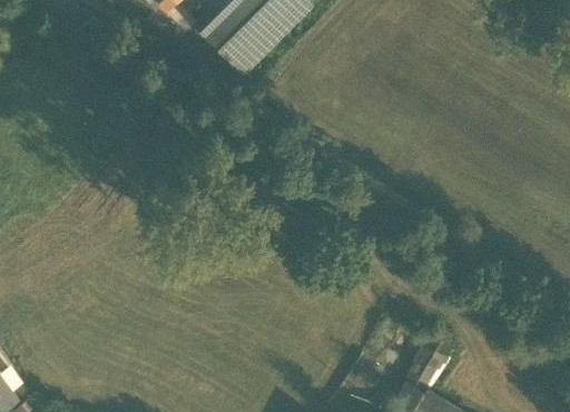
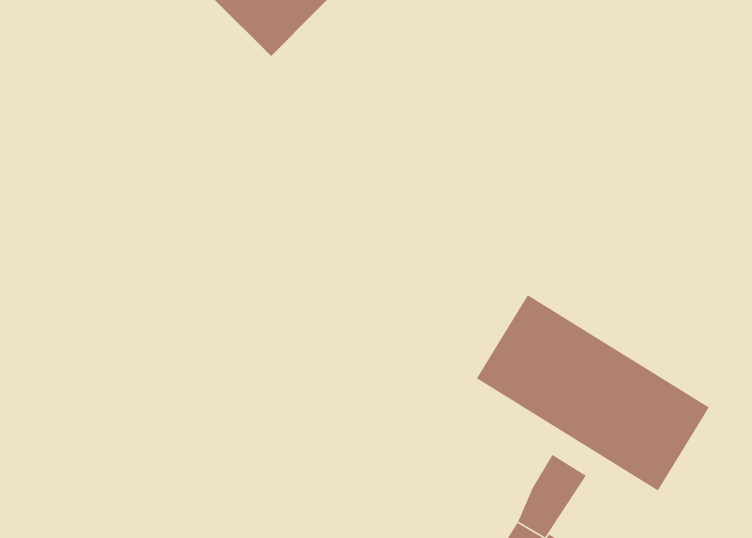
building: none -> [476,294,710,492]

